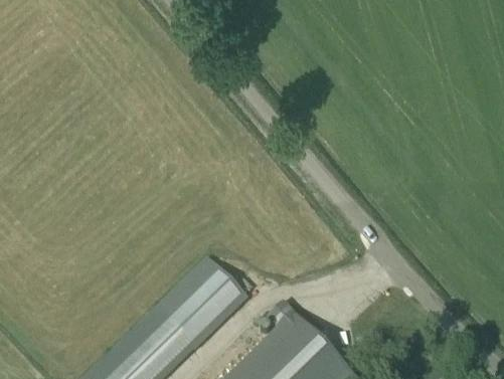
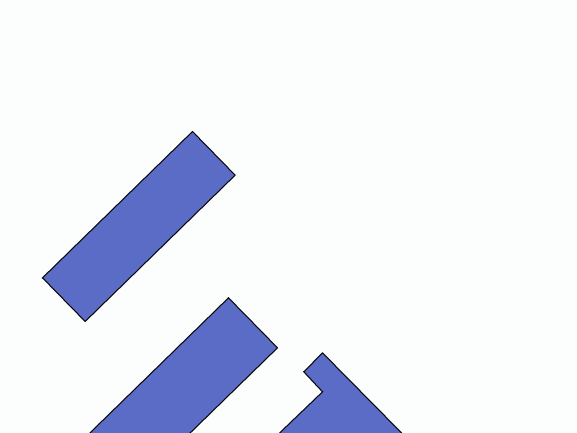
building: none -> [42,132,235,321]

